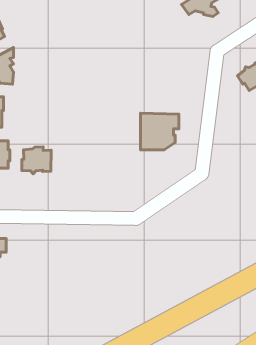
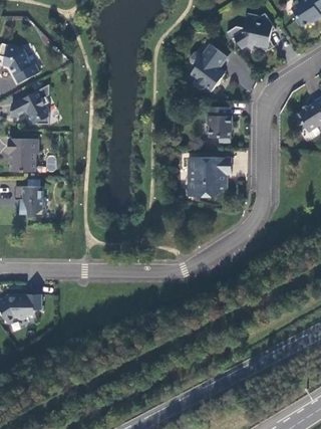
building: none -> [189,44,227,91]
building: none -> [206,108,231,143]
building: [22,147,51,174] -> none

